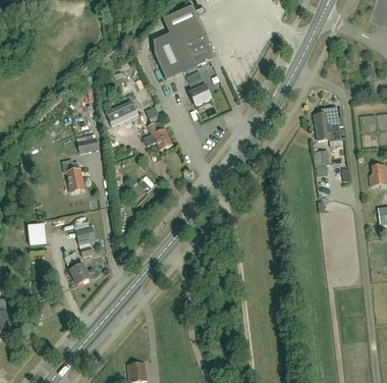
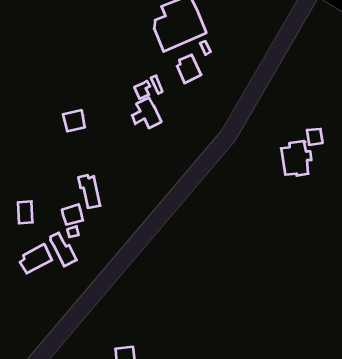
building: [106,100,139,126] -> none
building: [314,107,343,141] -> [281,141,311,176]
building: [62,160,84,191] -> [78,175,100,208]
building: none -> [20,244,52,273]

